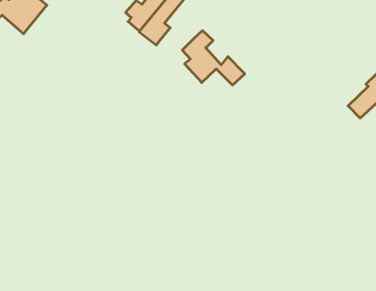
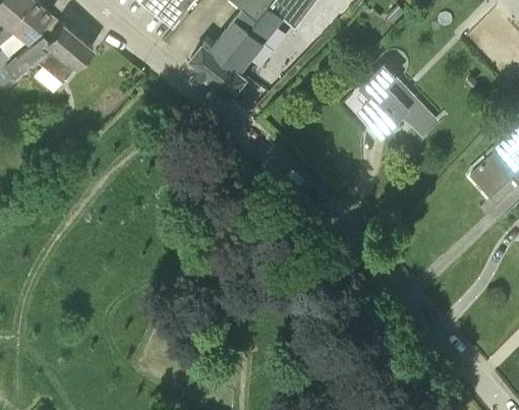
building: [182,31,245,85] -> [360,66,439,134]

